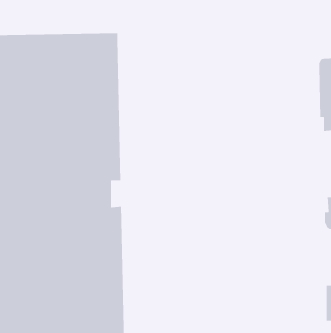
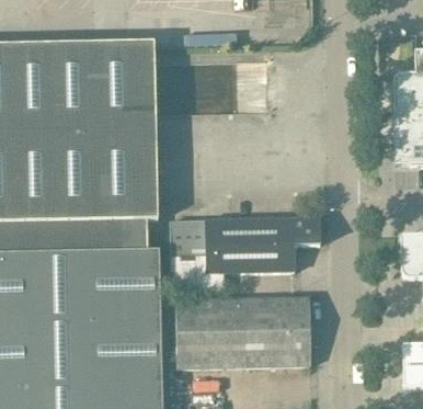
building: none -> [171,216,321,289]
building: none -> [178,295,311,366]

